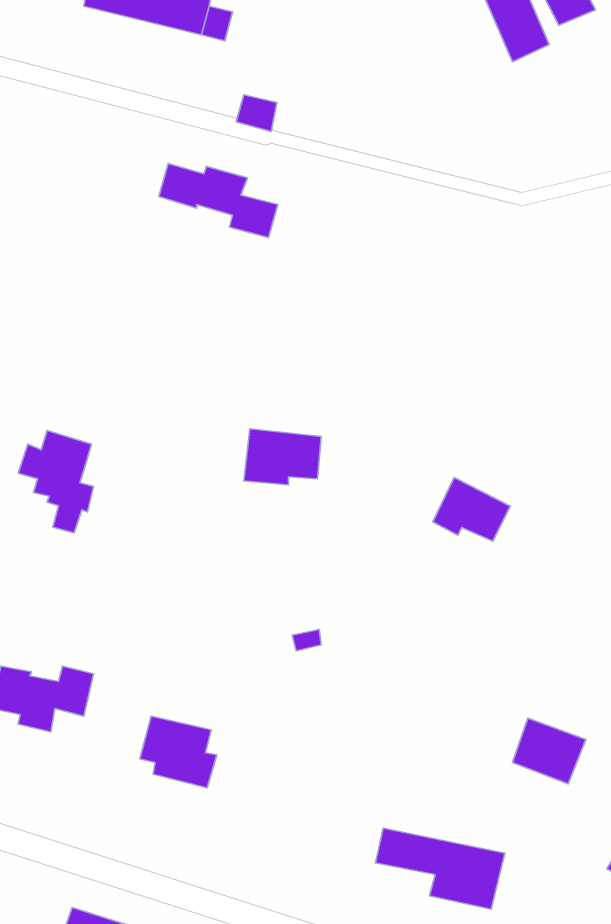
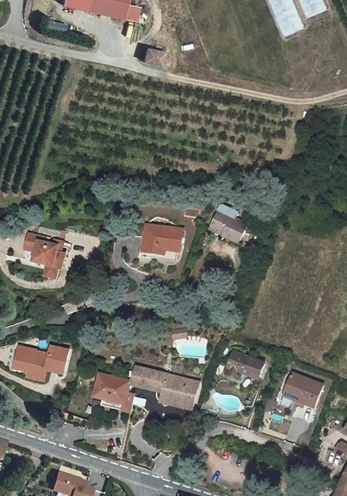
building: [159,163,278,238] -> none
building: [433,477,510,541] -> [214,205,254,238]
building: none -> [224,352,263,378]
building: [375,828,505,909] -> [132,367,199,409]

